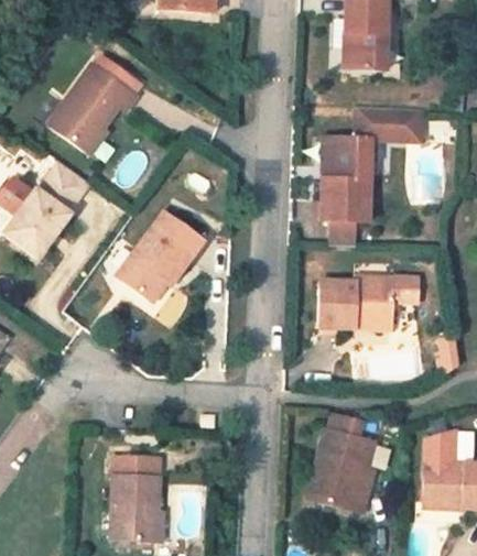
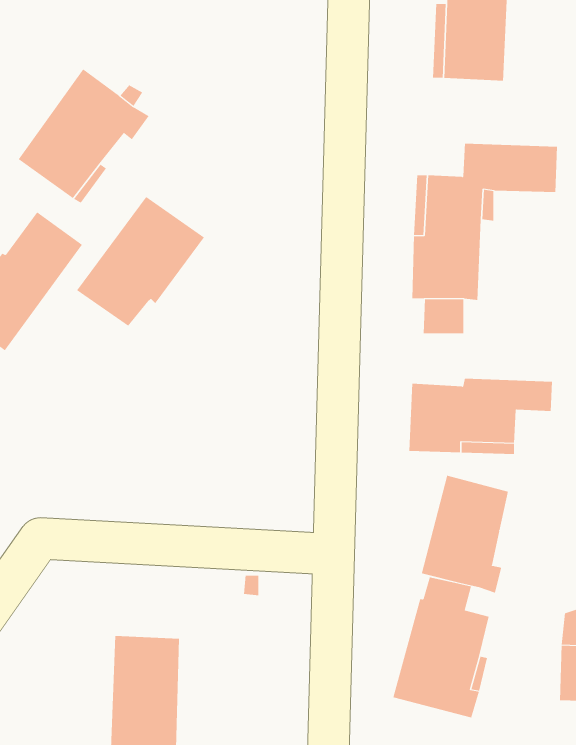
building: [116,210,205,301] -> [76,196,205,327]
building: none -> [421,475,509,593]

